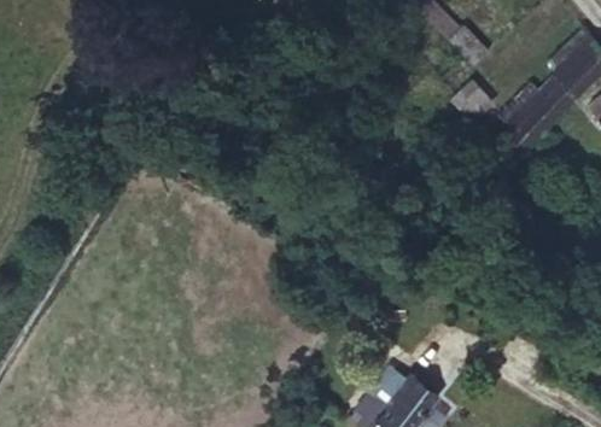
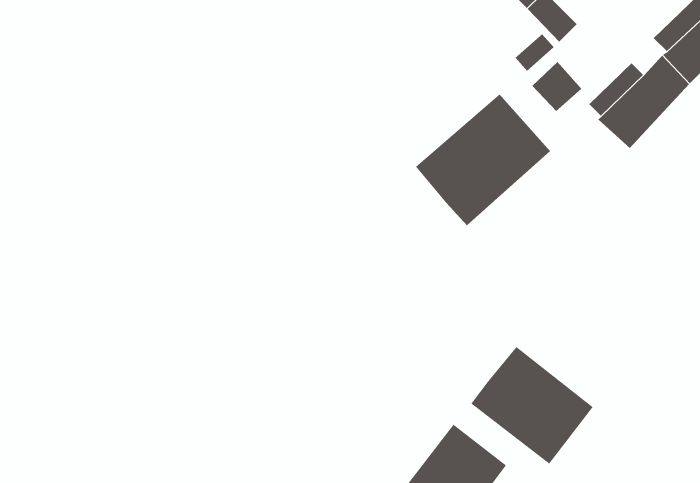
building: none -> [415,94,551,226]
building: none -> [471,346,593,464]

